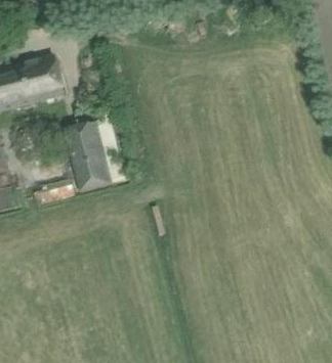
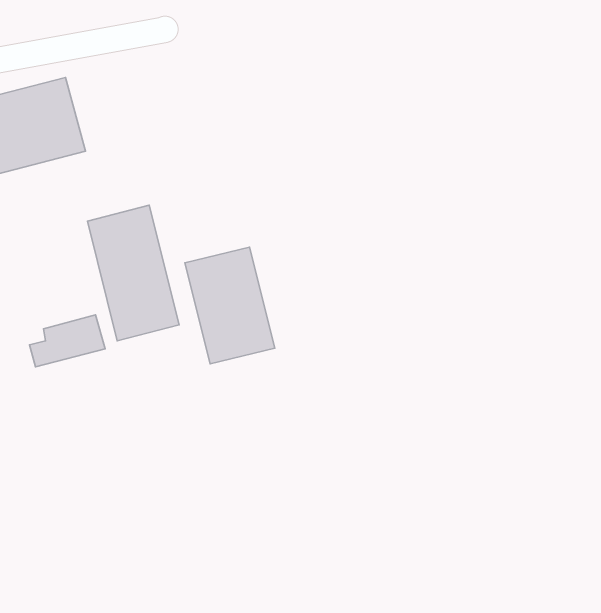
building: none -> [185,247,275,364]

